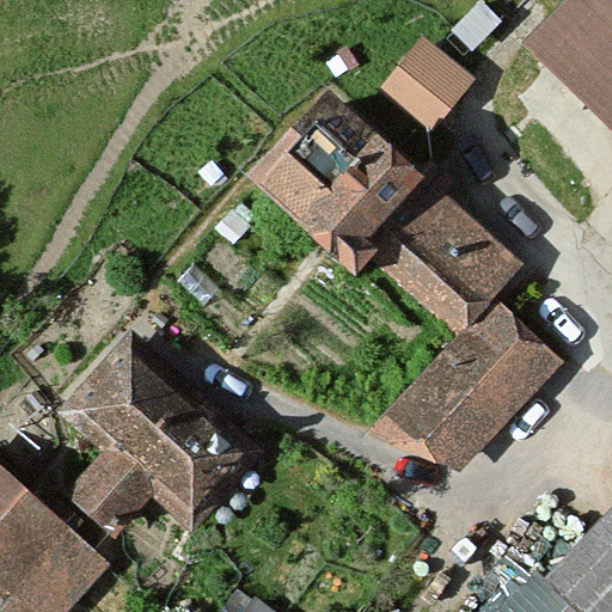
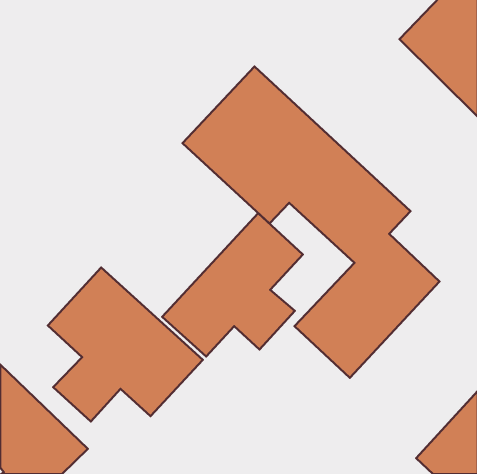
building: [385,20,481,116] -> none
building: none -> [162,213,303,357]

